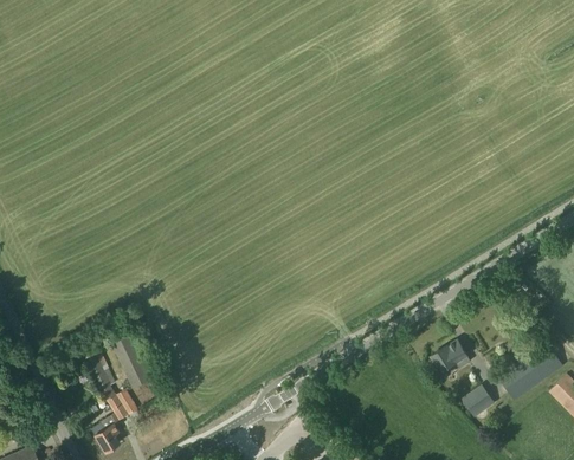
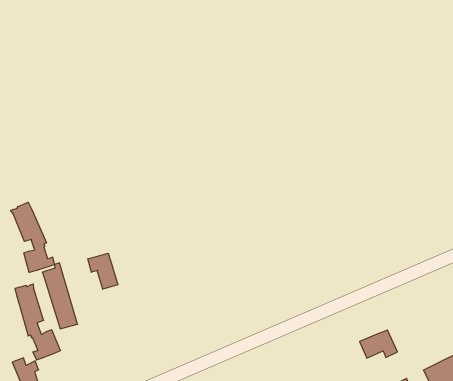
building: none -> [11,202,54,272]
building: none -> [88,253,118,289]

